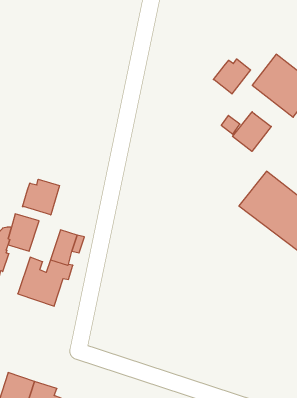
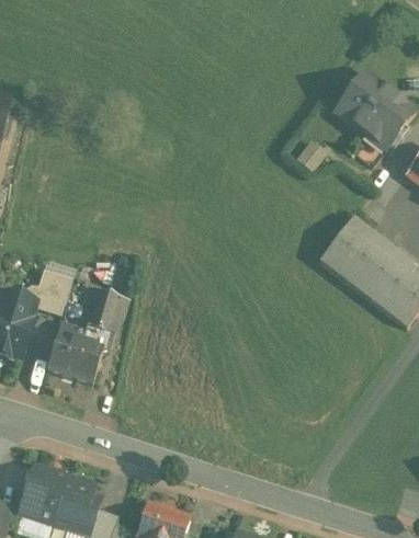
building: [213,59,251,94] -> none
building: [233,112,271,151] -> none
building: [22,179,59,215] -> none

